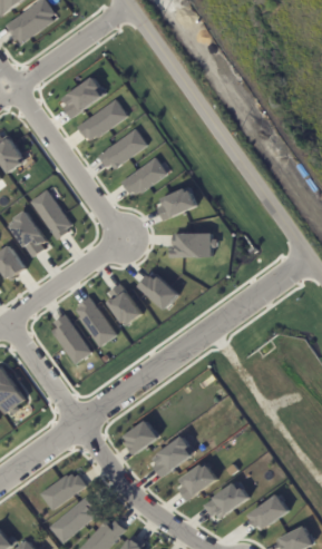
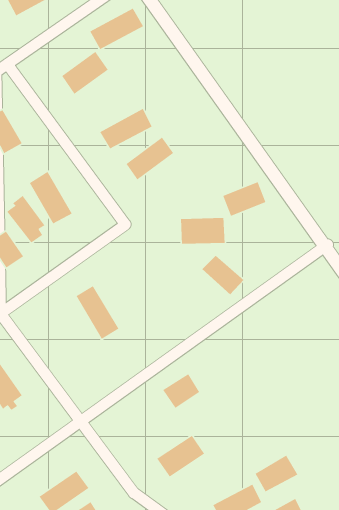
building: [76,100,127,140] -> [89,8,144,50]
building: [155,186,196,219] -> [222,181,266,217]
building: [138,272,178,310] -> [201,255,244,295]
building: [105,283,140,325] -> none
building: [49,315,91,364] -> none
building: [123,420,158,453] -> [162,373,200,409]
building: [176,462,217,498] -> [254,455,298,493]

